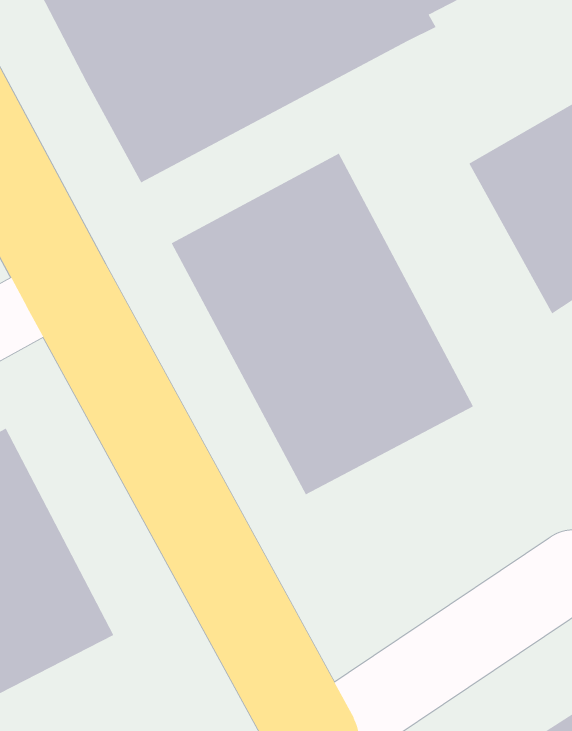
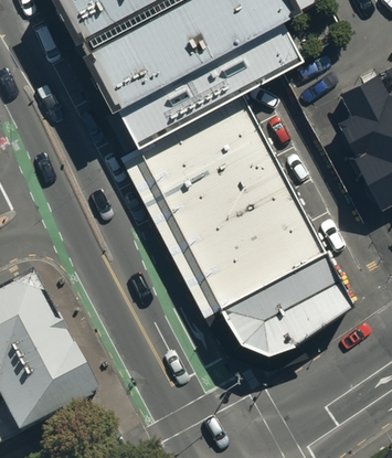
building: none -> [117,28,304,153]
building: none -> [220,255,354,360]

